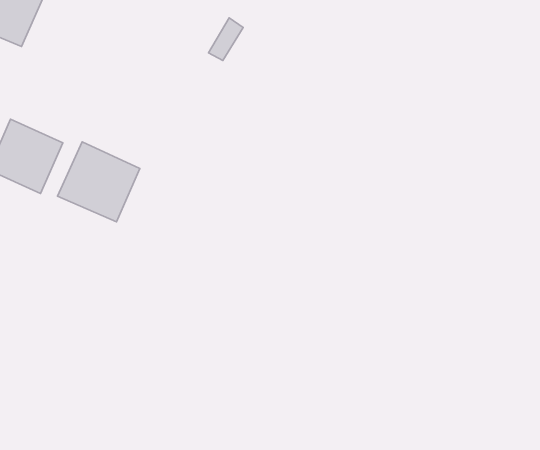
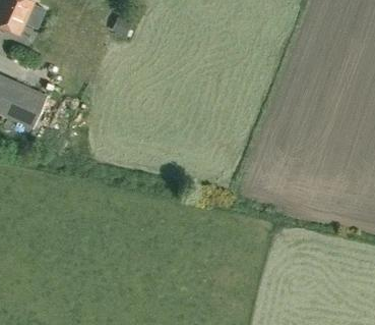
building: [57,142,140,222] -> none

